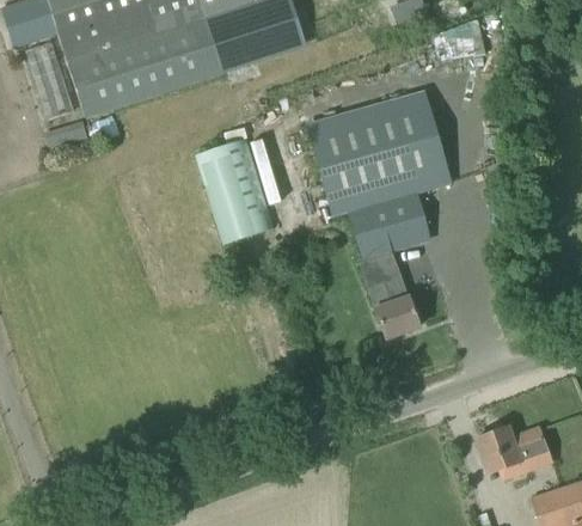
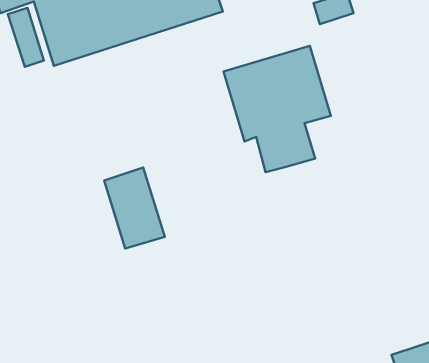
building: [197,136,277,243] -> [104,168,165,248]
building: [360,249,419,337] -> none
building: [476,424,546,479] -> none

